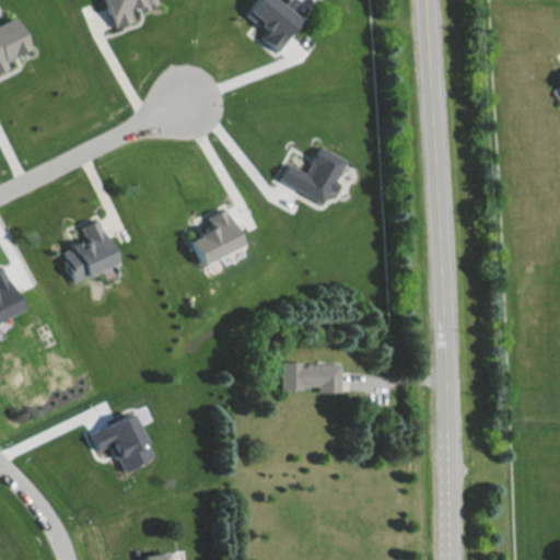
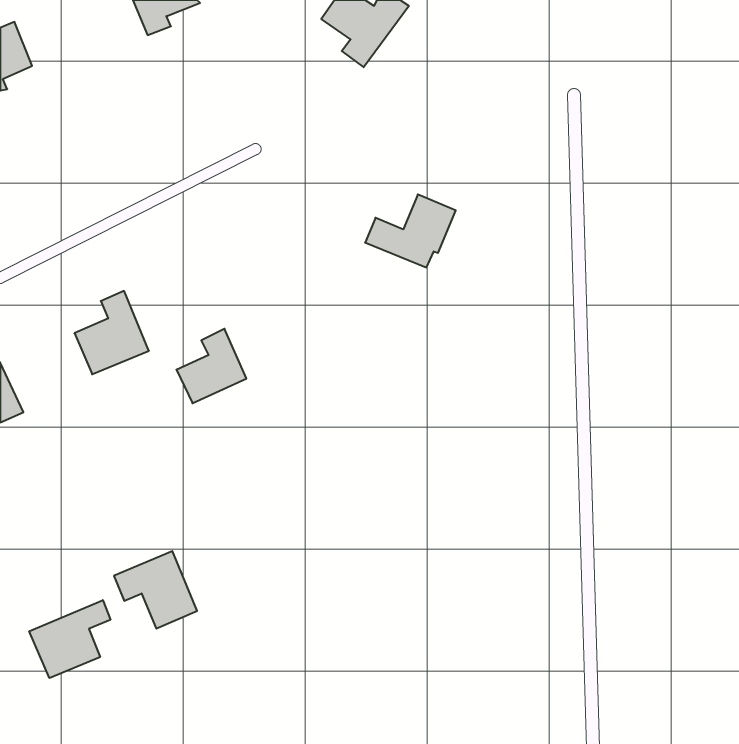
building: [190,209,243,265] -> [176,329,246,403]
building: [282,363,342,394] -> none
building: none -> [29,600,110,678]

